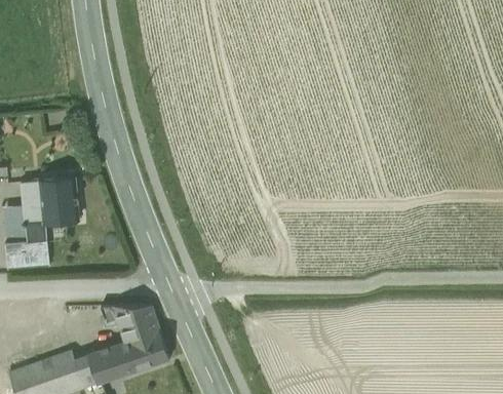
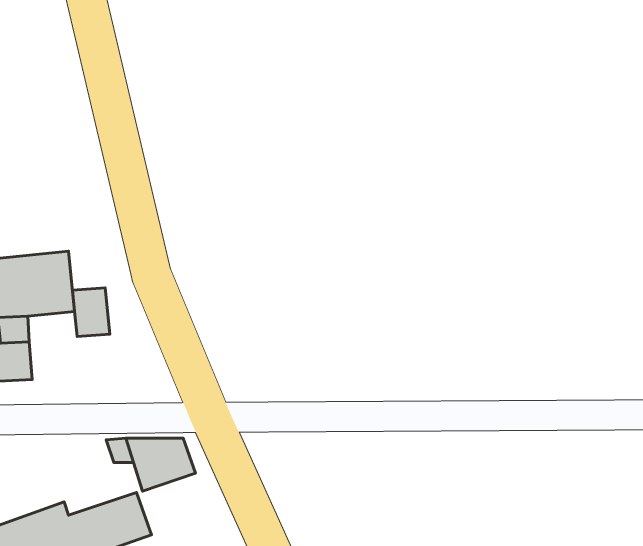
building: none -> [72,288,110,336]
building: [119,330,169,372] -> none

